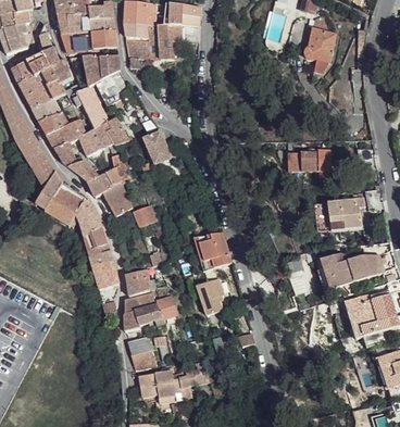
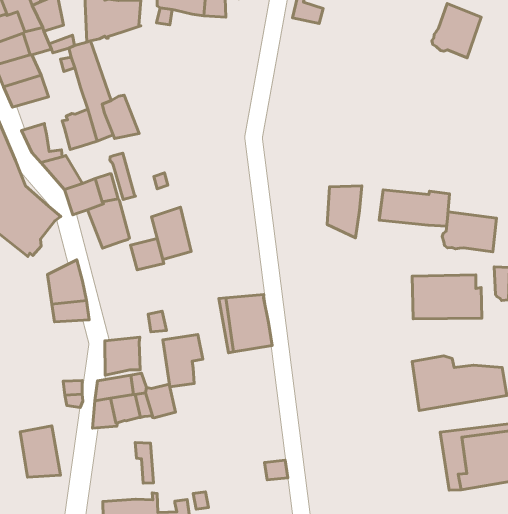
building: [46,116,84,147] -> none
building: [142,129,171,164] -> [152,207,191,260]
building: none -> [327,186,362,238]
building: none -> [442,212,496,252]
building: [75,198,100,236] -> none
building: [91,261,117,288] -> none
building: [197,277,224,313] -> [163,334,203,387]
building: [127,334,157,368] -> [20,426,60,477]

